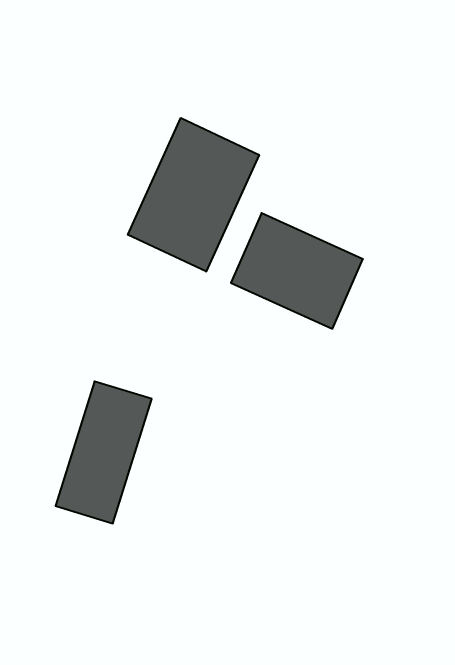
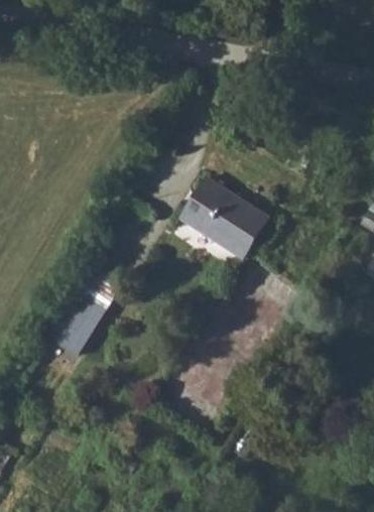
building: [128,118,259,272] -> none

